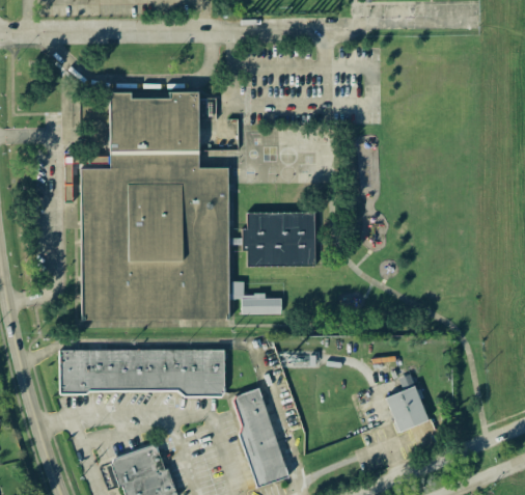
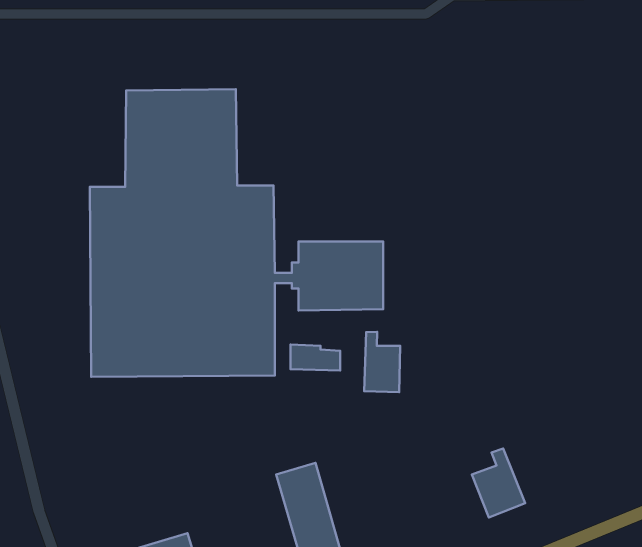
building: none -> [364,332,400,392]
building: [59,349,225,394] -> none

